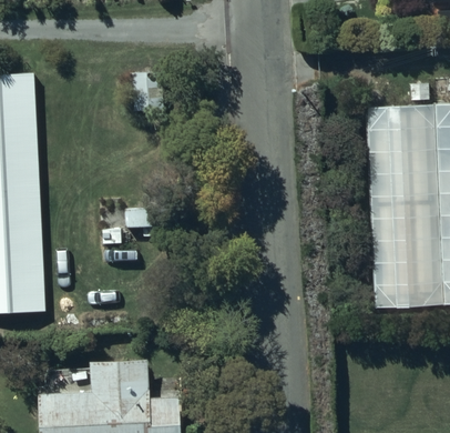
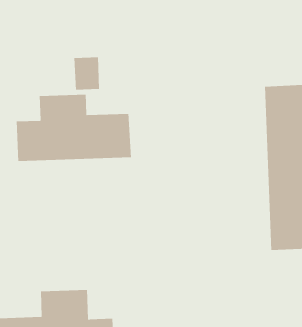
building: none -> [16,94,132,162]

